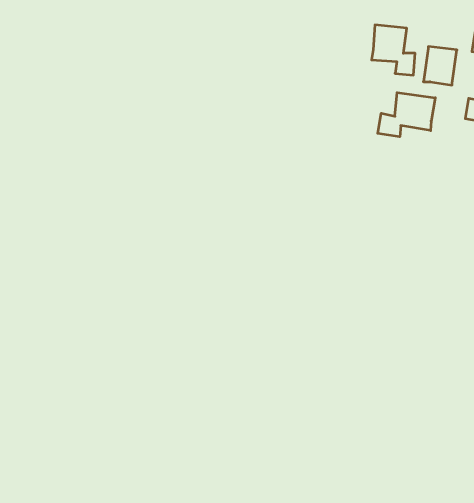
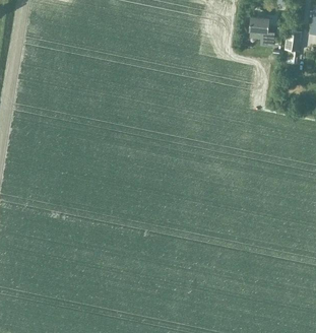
building: [378,93,435,137] -> none

